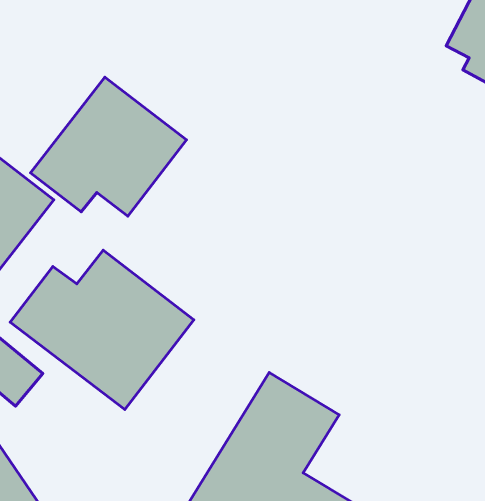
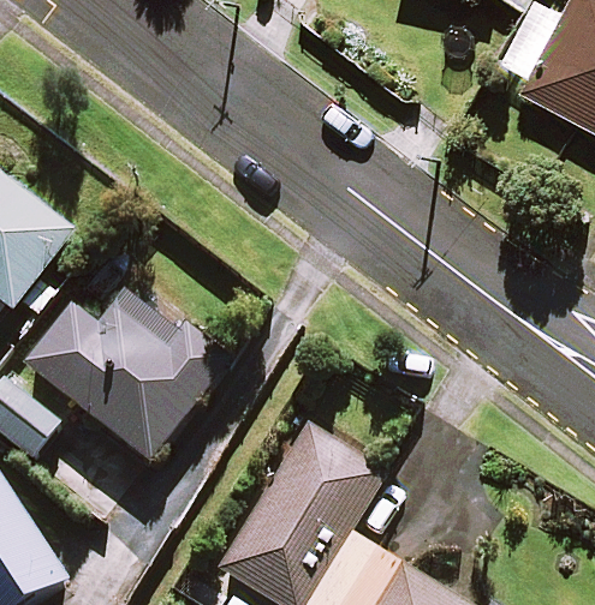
building: [30,77,186,216] -> none

